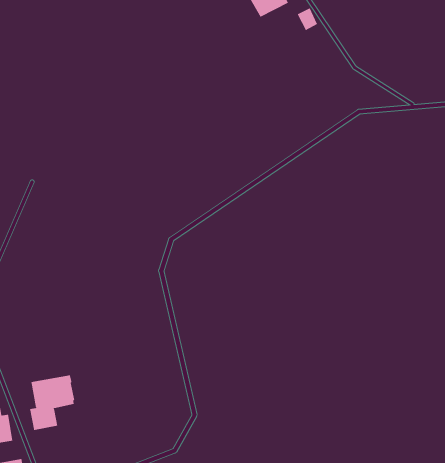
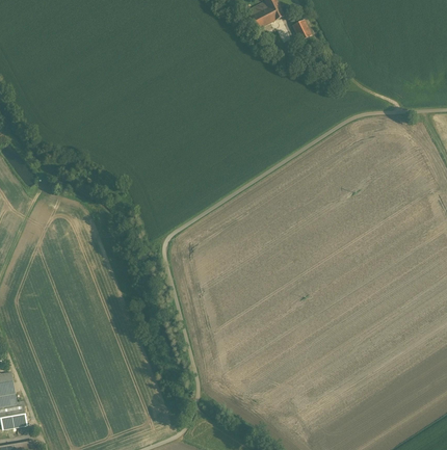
building: [30,374,75,431] -> none

